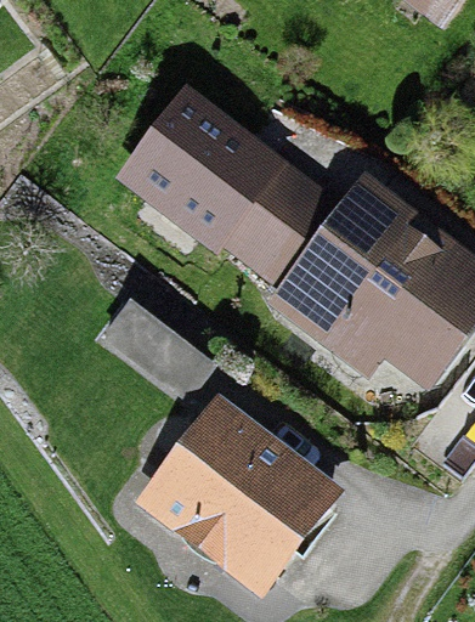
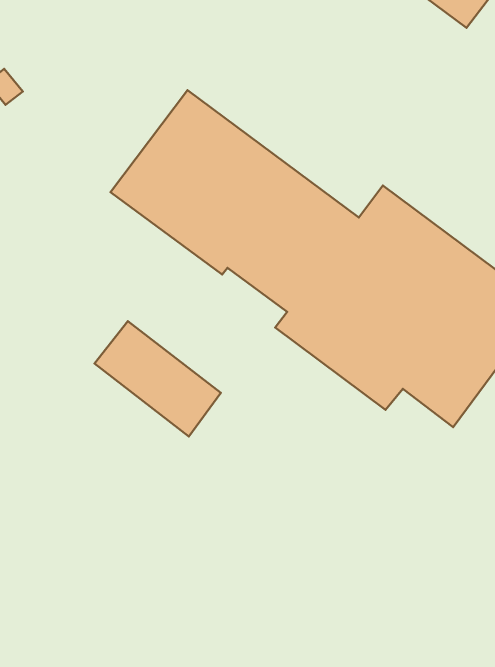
building: [134,394,343,599] -> none

